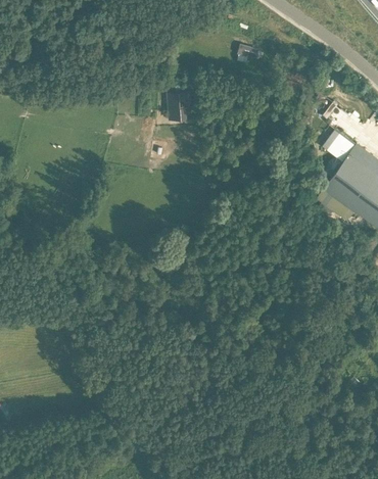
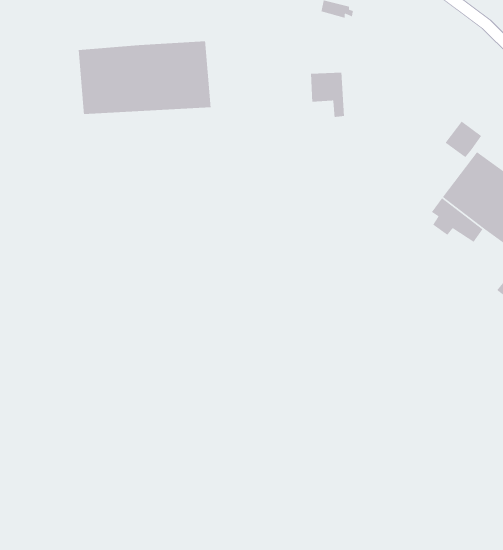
building: none -> [78,40,211,115]
building: [169,91,194,125] -> [310,72,345,118]

